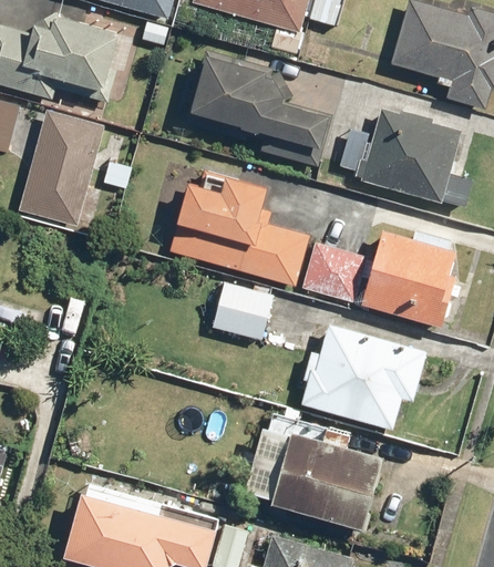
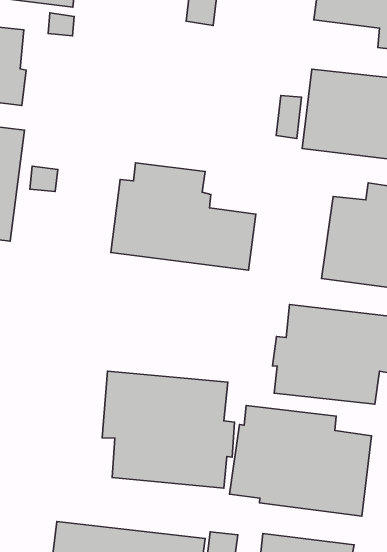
building: [191,54,331,166] -> none
building: [300,241,366,301] -> none
building: [212,281,272,338] -> none
building: none -> [102,371,235,488]

